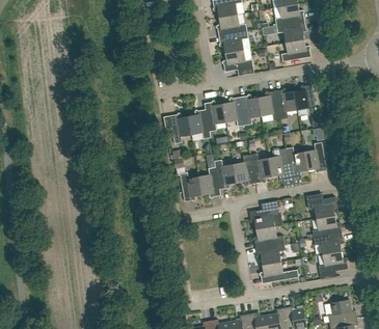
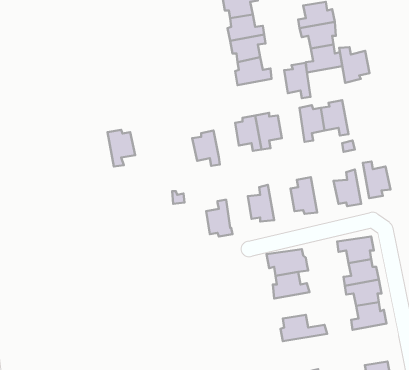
building: none -> [339,47,369,83]
building: [259,90,280,119] -> [284,63,311,98]
building: [205,101,226,131] -> none
building: [169,113,192,143] -> [107,130,135,166]
building: [286,146,308,176] -> [363,162,390,198]
building: [250,153,272,183] -> none
building: [214,159,237,189] -> none
building: [180,171,202,201] -> none
building: [255,242,286,264] -> none

